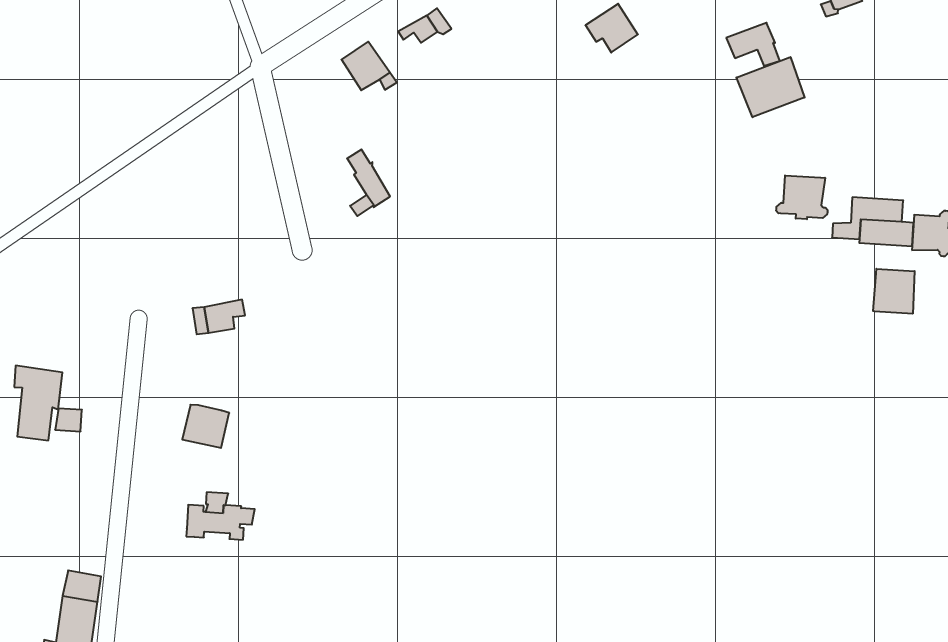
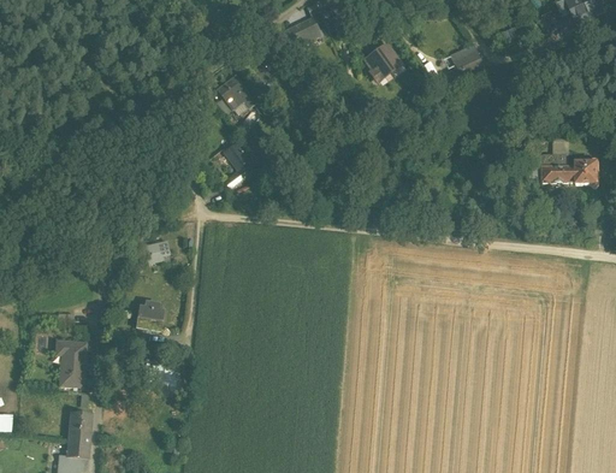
building: [736,57,805,117] -> none
building: [776,175,828,219] -> none
building: [873,269,915,314] -> none
building: [14,366,62,440] -> [57,341,85,385]

